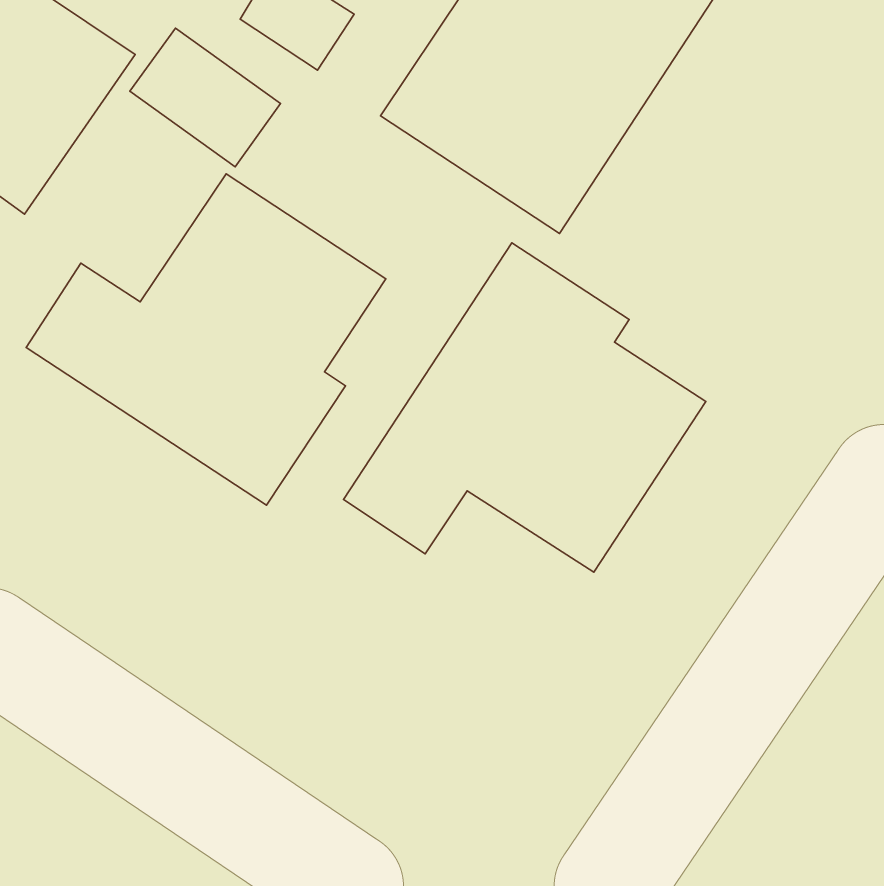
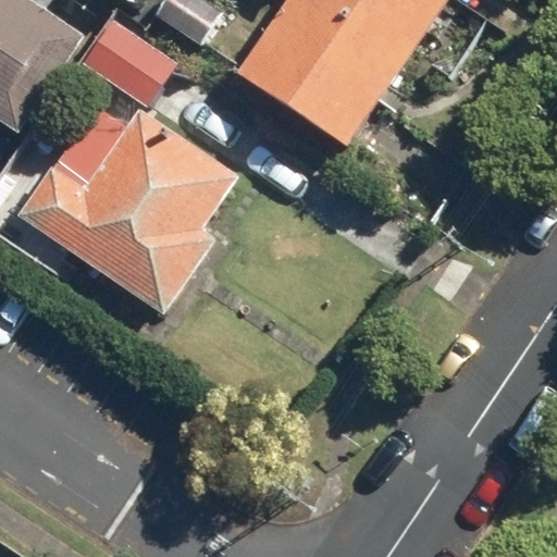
building: [344,243,706,572] -> none

